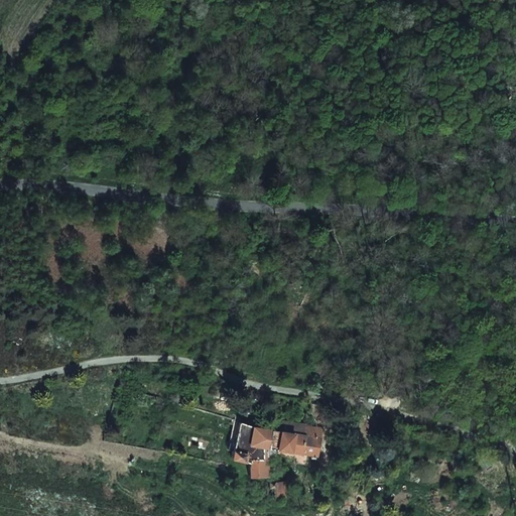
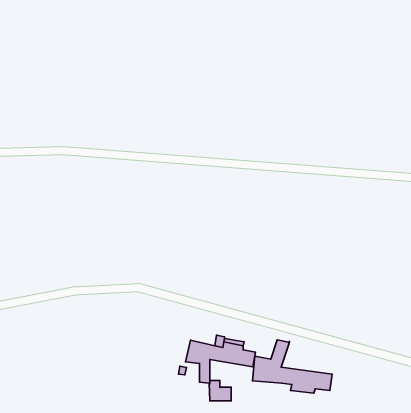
building: none -> [253,340,332,393]

